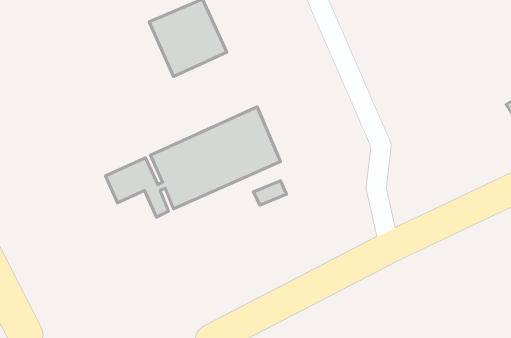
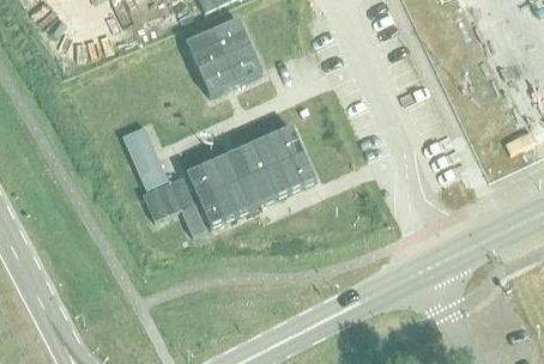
building: none -> [121,125,167,188]

